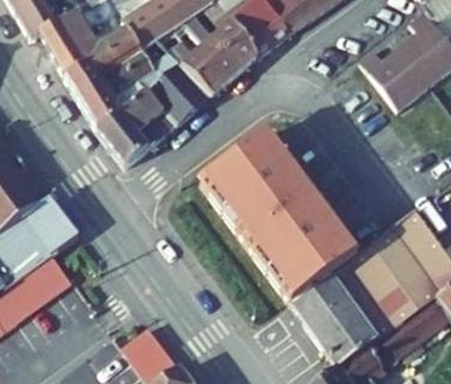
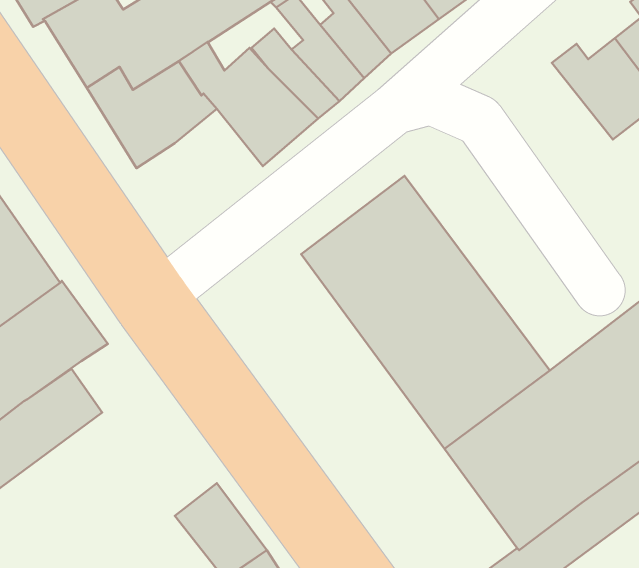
building: [97,88,177,164] -> none

